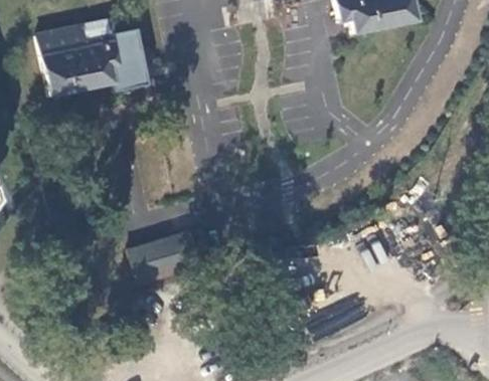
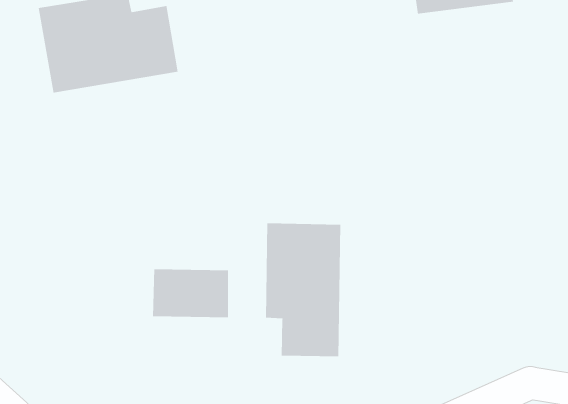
building: none -> [266,222,341,357]

